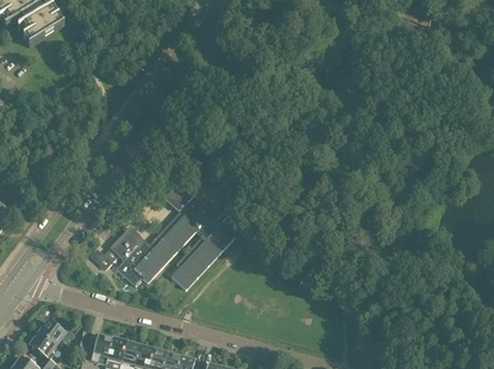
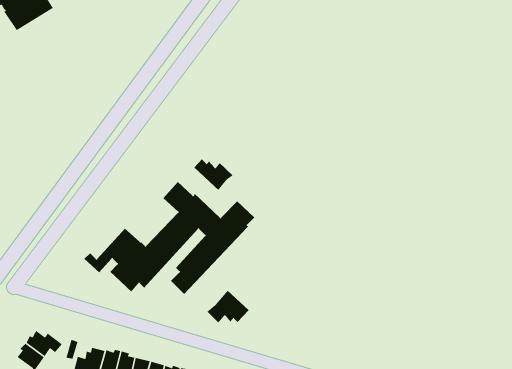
building: none -> [193,159,233,191]
building: none -> [207,290,249,324]

